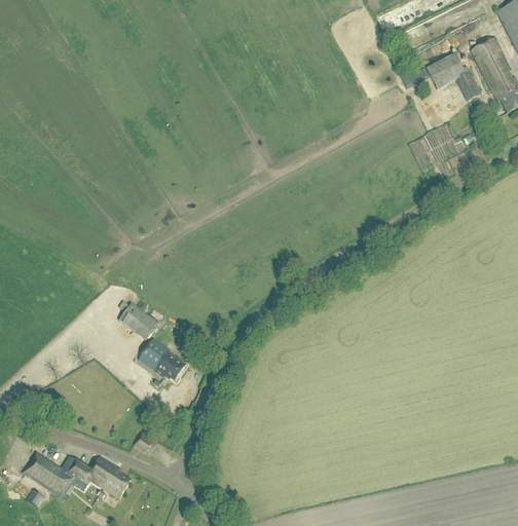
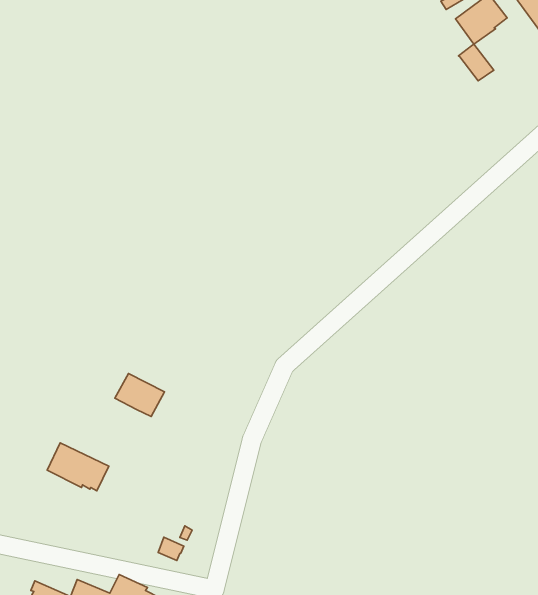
building: [455,72,481,101] -> [458,44,494,81]
building: [139,340,187,381] -> [47,443,109,491]

